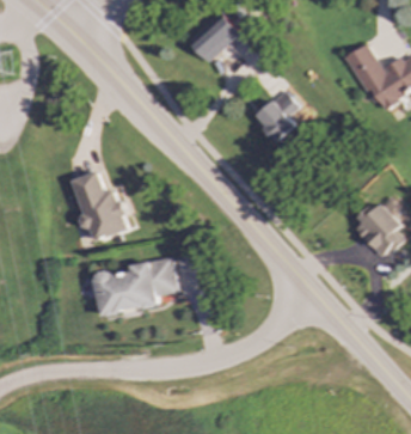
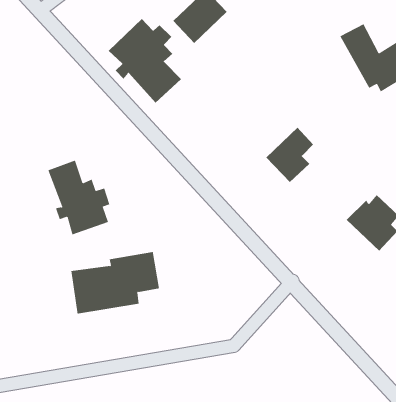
building: none -> [108,18,182,104]
building: [253,90,299,142] -> [266,127,314,183]

